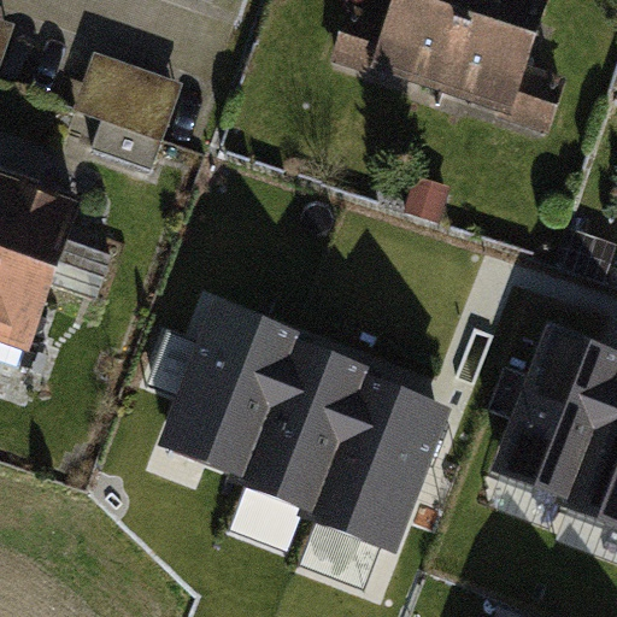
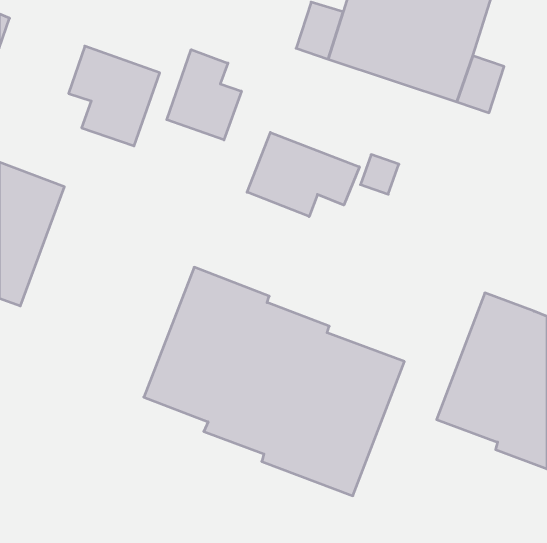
building: none -> [167,50,241,140]
building: none -> [247,132,359,217]

